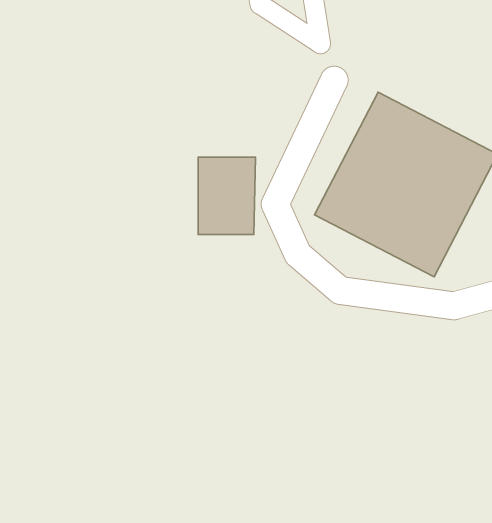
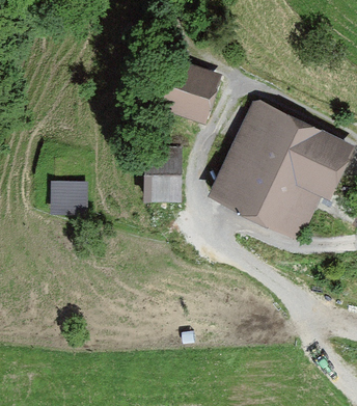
building: none -> [161,62,219,121]
building: none -> [52,180,88,212]

